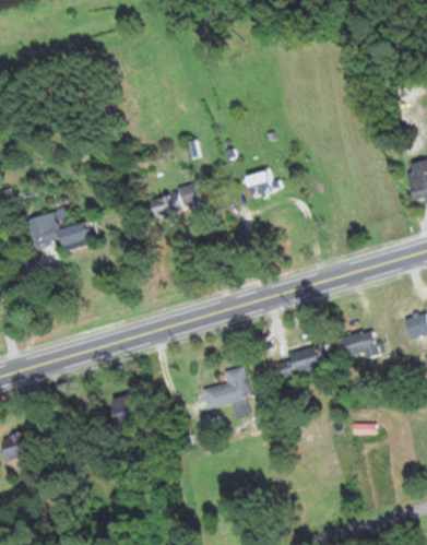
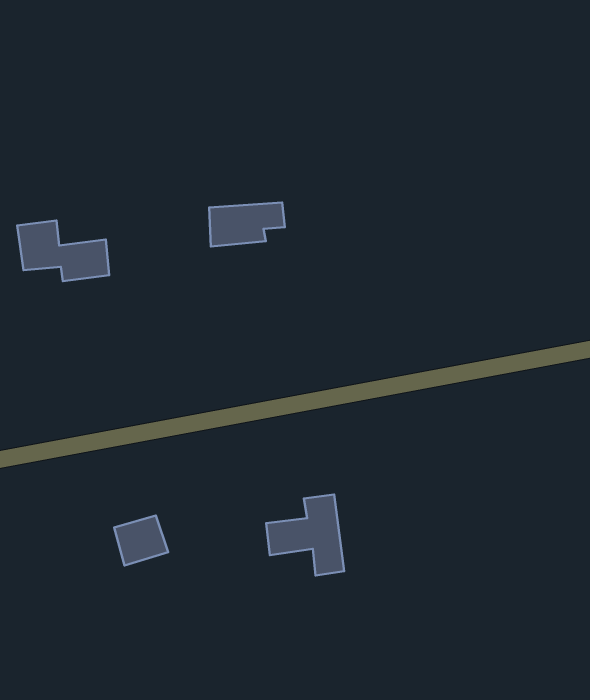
building: [244,171,280,194] -> none
building: [334,329,377,359] -> none
building: [274,347,322,377] -> none

